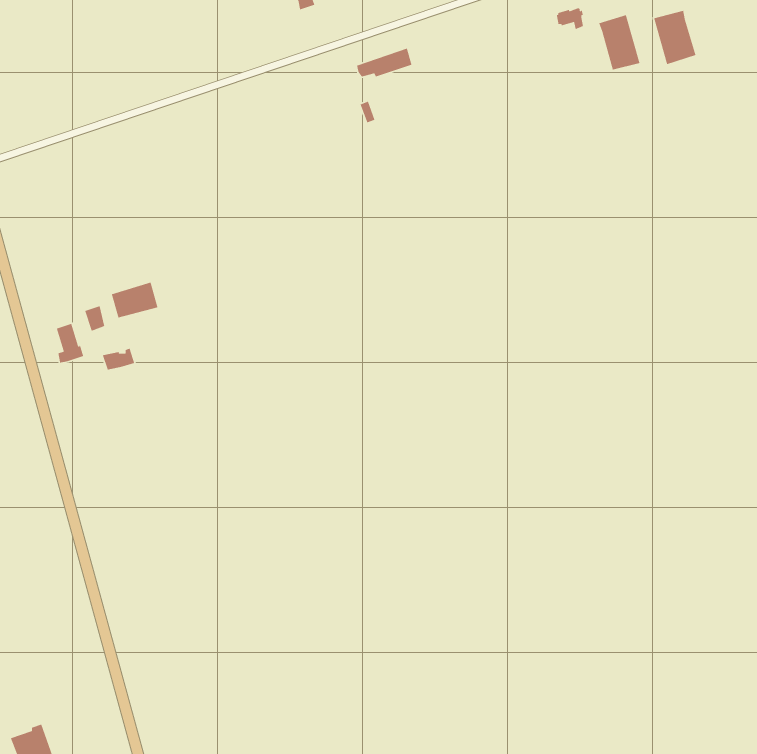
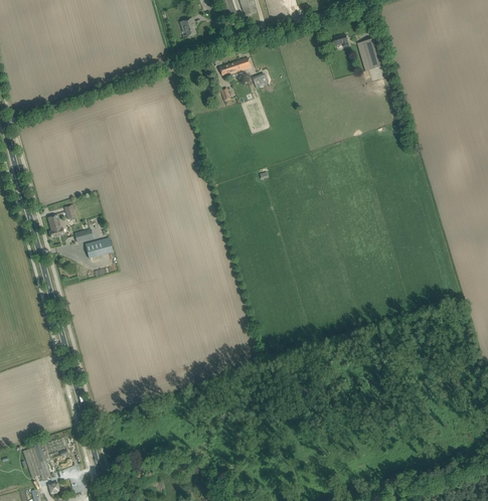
building: [653,10,696,65] -> none
building: [111,281,158,319] -> [86,236,113,258]

